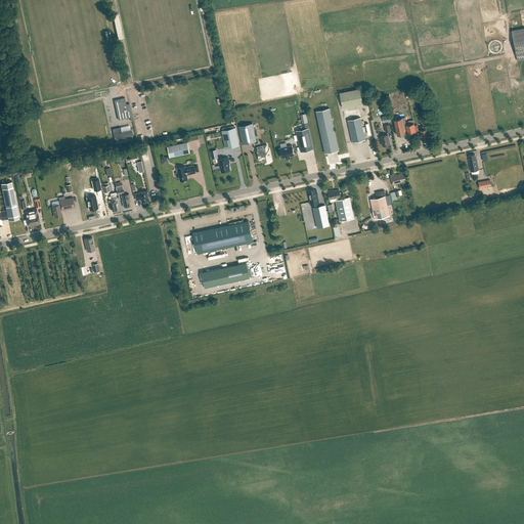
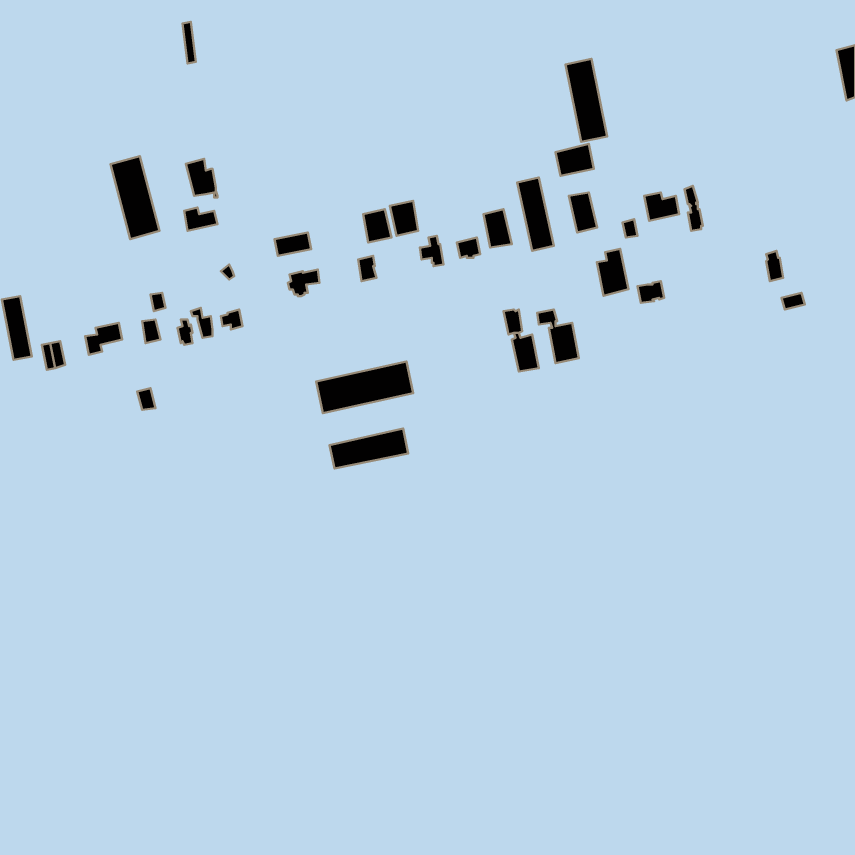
building: none -> [565,59,607,142]
building: none -> [110,156,160,239]
building: [370,190,390,219] -> [597,249,629,296]

